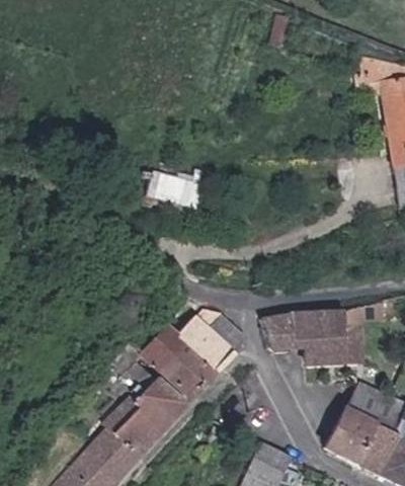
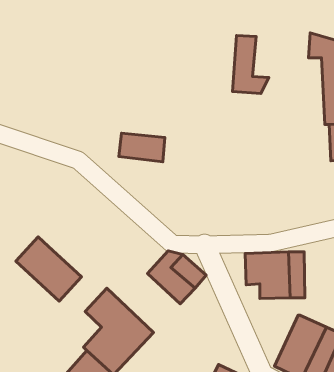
building: none -> [233,36,269,94]
building: [267,314,295,350] -> none
building: [141,326,218,401] -> [16,237,82,301]

